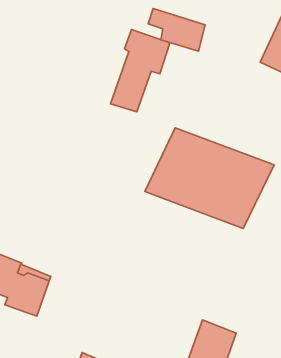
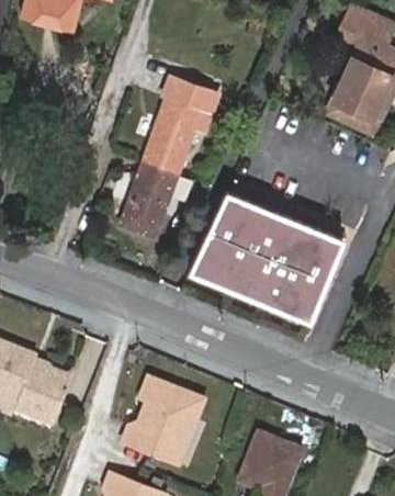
building: [148,8,205,51] -> none
building: none -> [122,164,177,237]
building: none -> [121,379,204,465]

